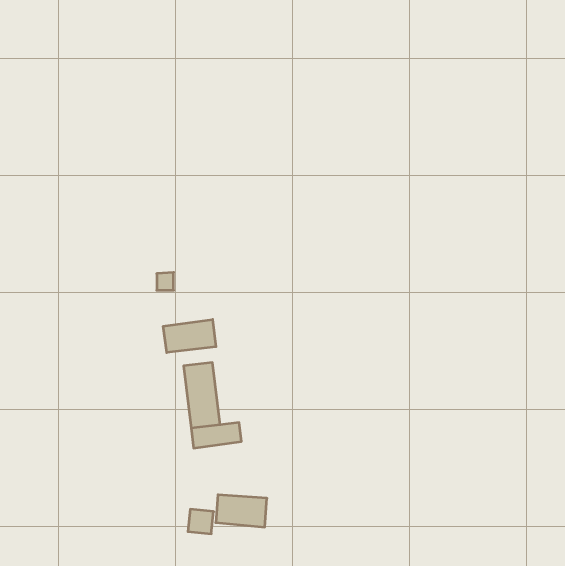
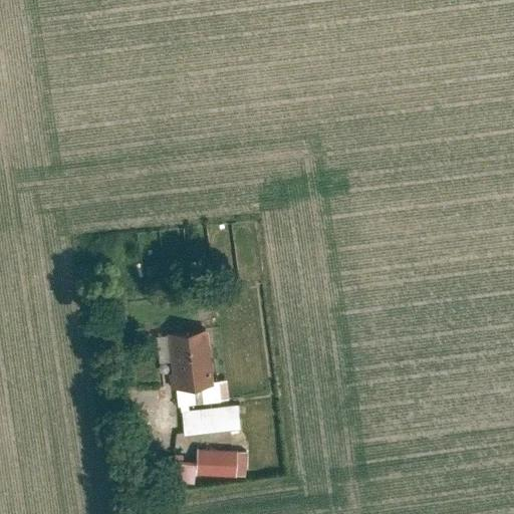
building: [163,319,216,353] -> none
building: none -> [186,407,241,432]

